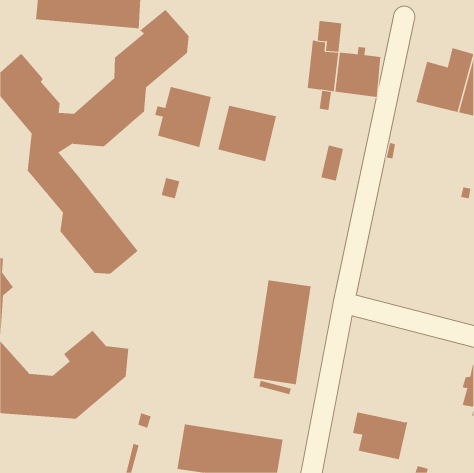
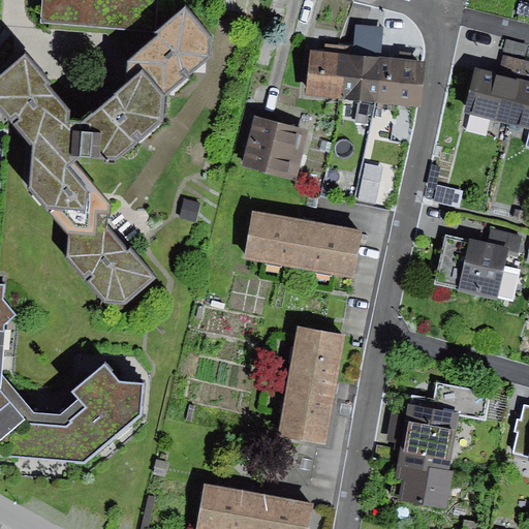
building: none -> [306,41,347,98]
building: [155,86,212,148] -> none
building: none -> [245,200,364,267]
building: none -> [433,228,521,301]
building: none -> [397,383,491,469]

